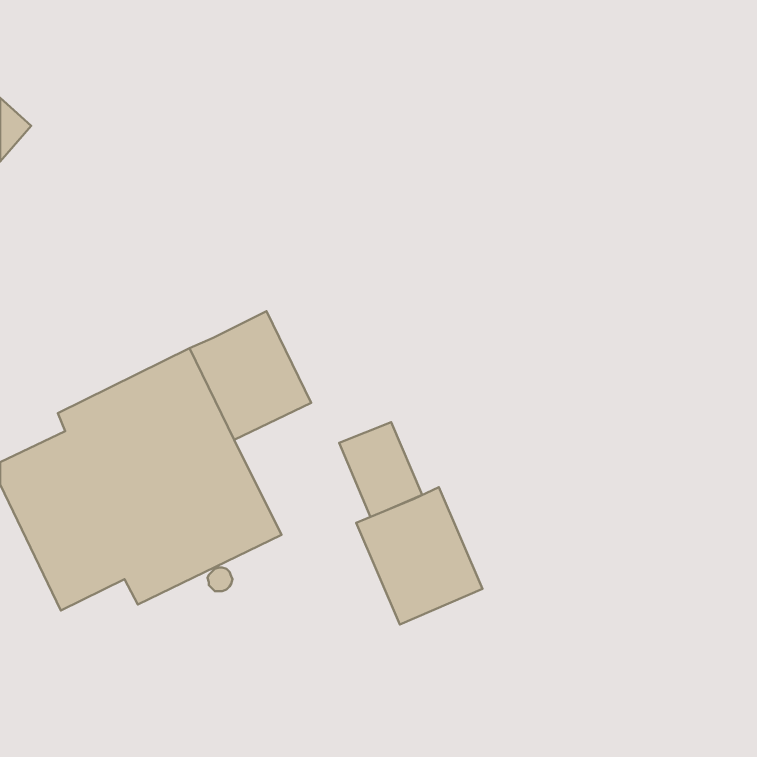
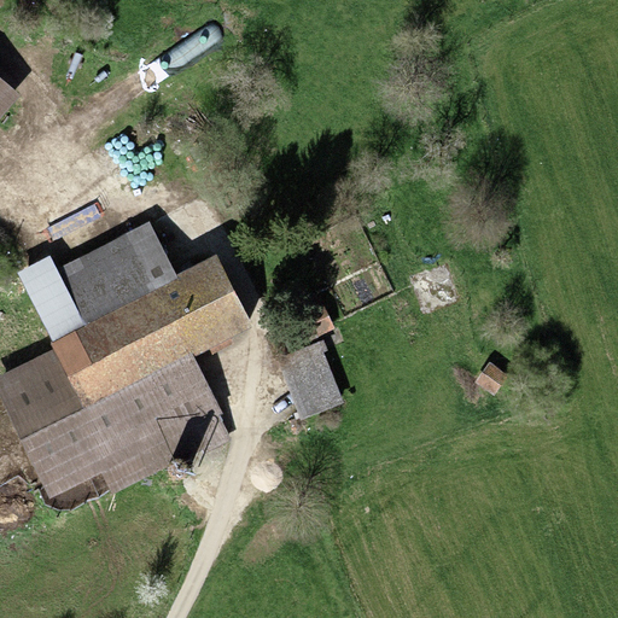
building: none -> [13,222,174,337]
building: [356,487,483,625] -> none

